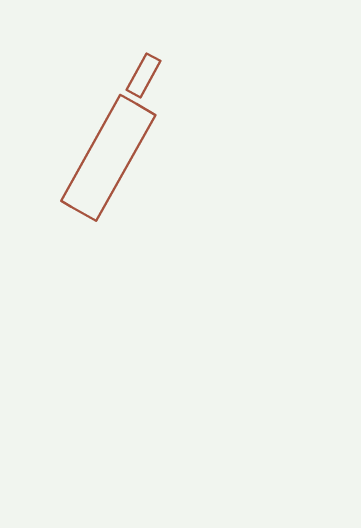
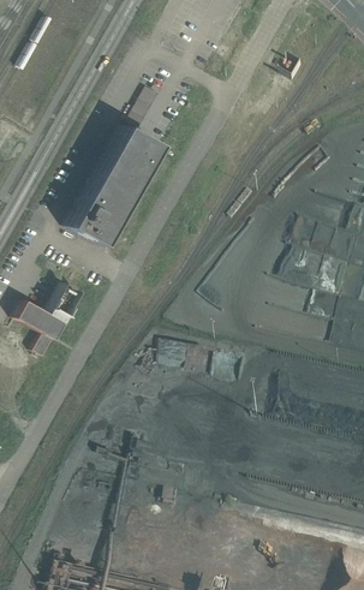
building: none -> [16,281,80,354]

